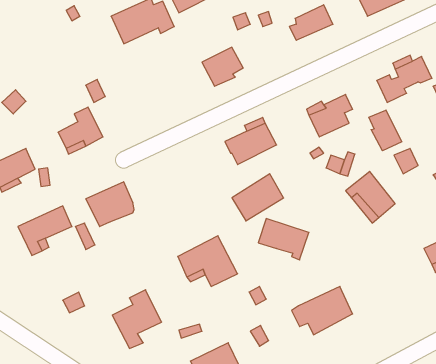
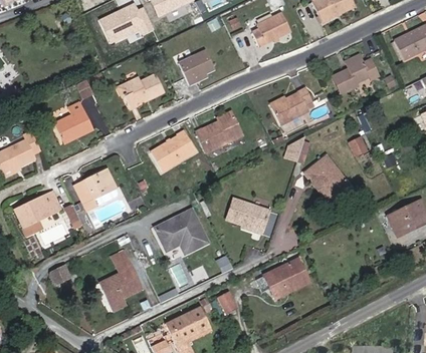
building: none -> [119,73,164,106]
building: [369,110,402,151] -> none
building: [232,174,284,221] -> [150,128,195,169]

